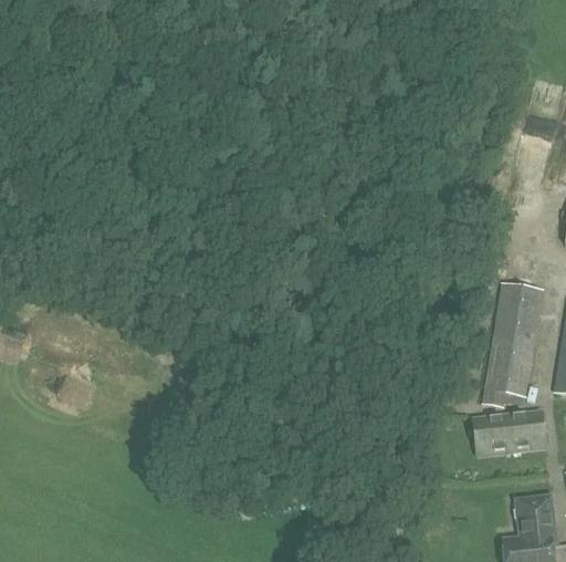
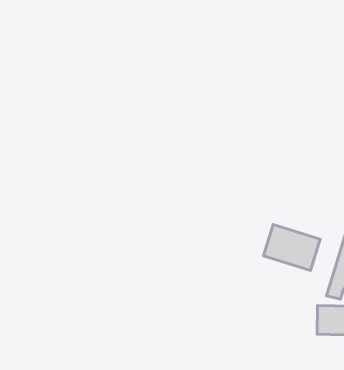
building: none -> [263,225,320,270]

